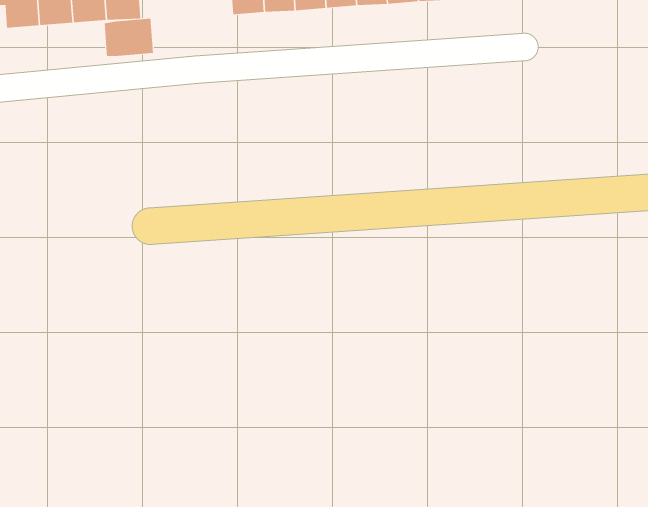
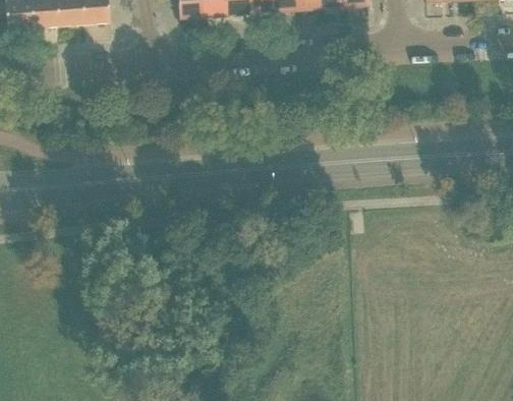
building: [104,18,154,57] -> none

